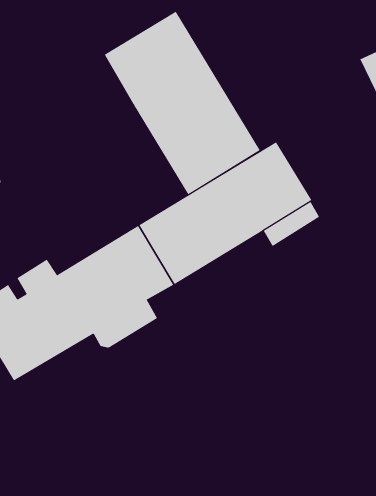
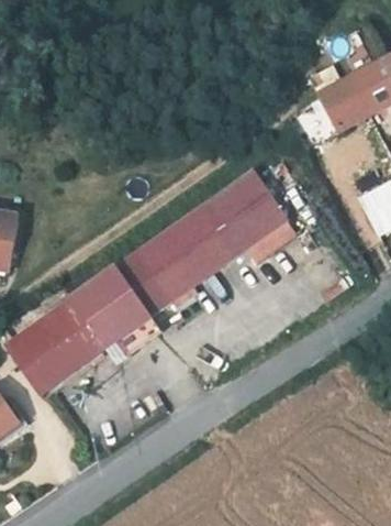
building: [104,11,261,195] -> none

